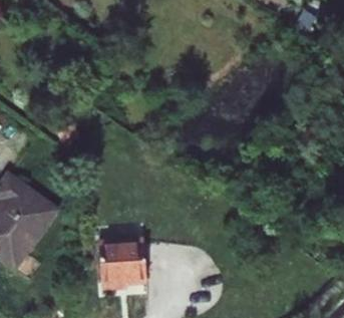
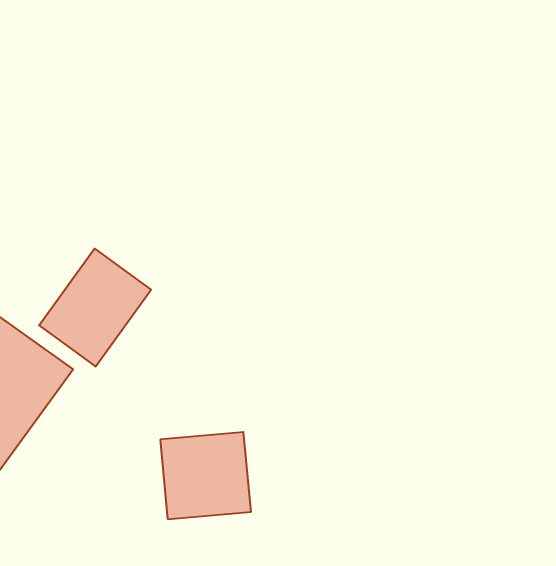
building: none -> [39,249,151,367]

